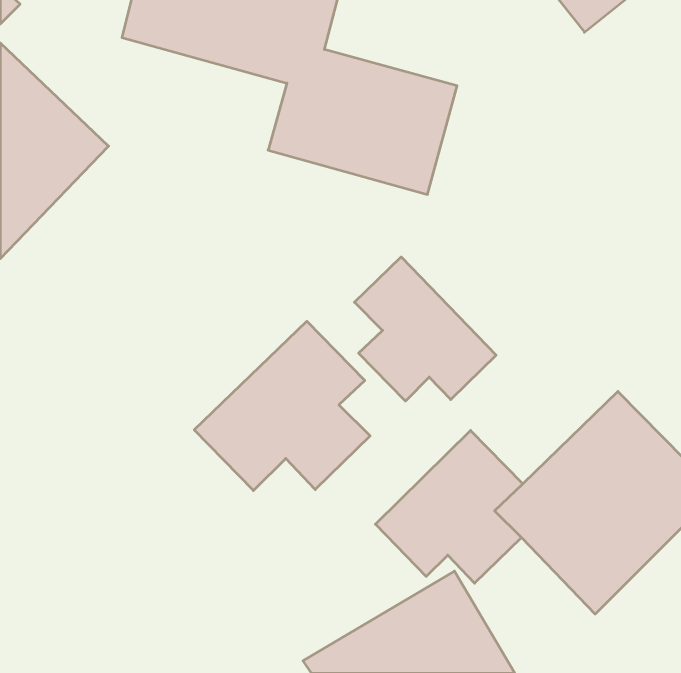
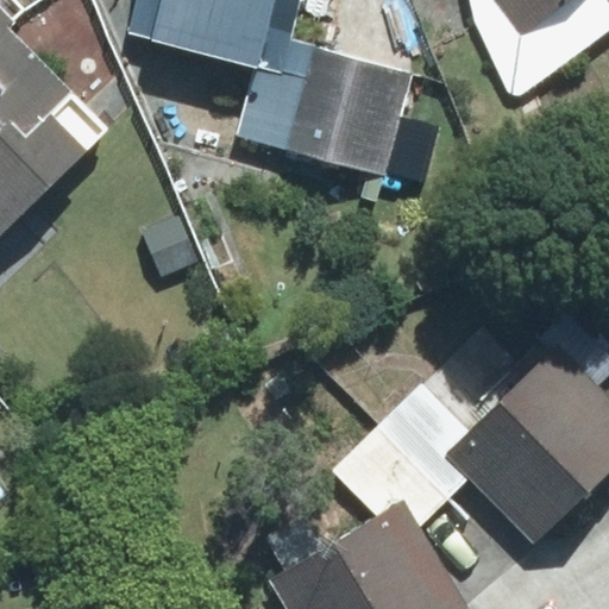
building: [354,257,496,401] -> none
building: [194,321,370,491] -> none

